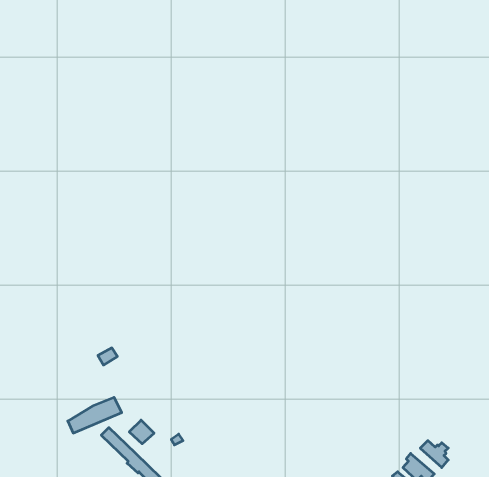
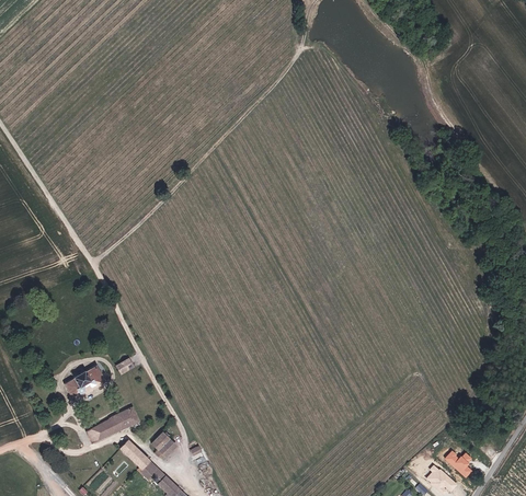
building: none -> [70,361,110,392]

